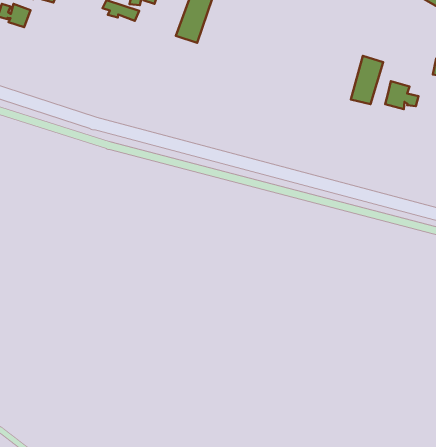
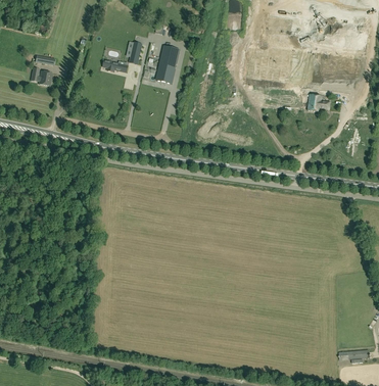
building: [351,56,383,104] -> none

